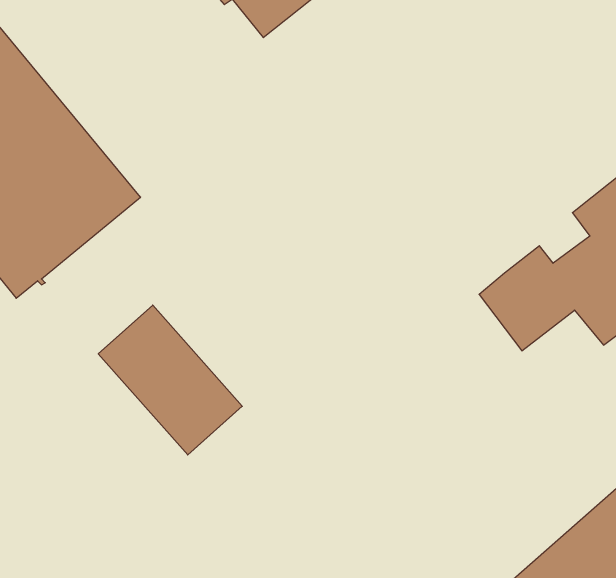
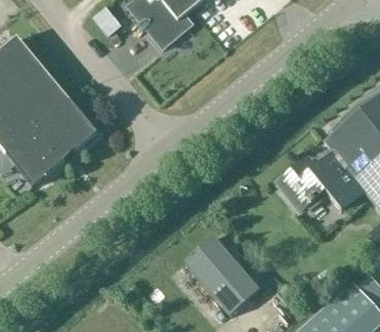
building: [98,305,242,455] -> [183,235,259,314]

